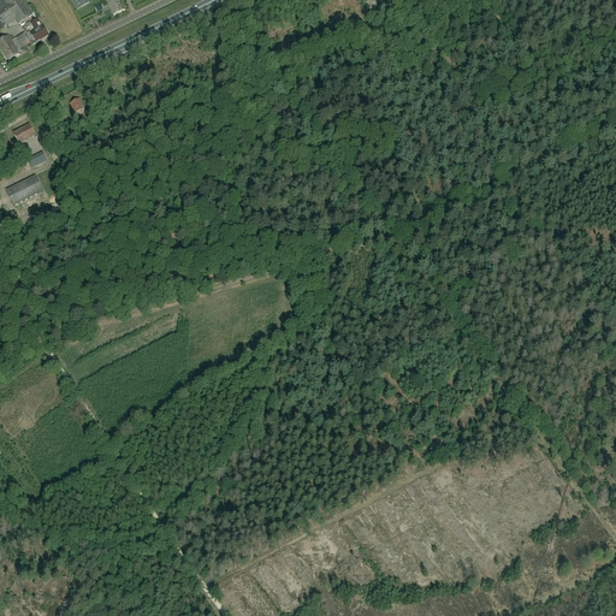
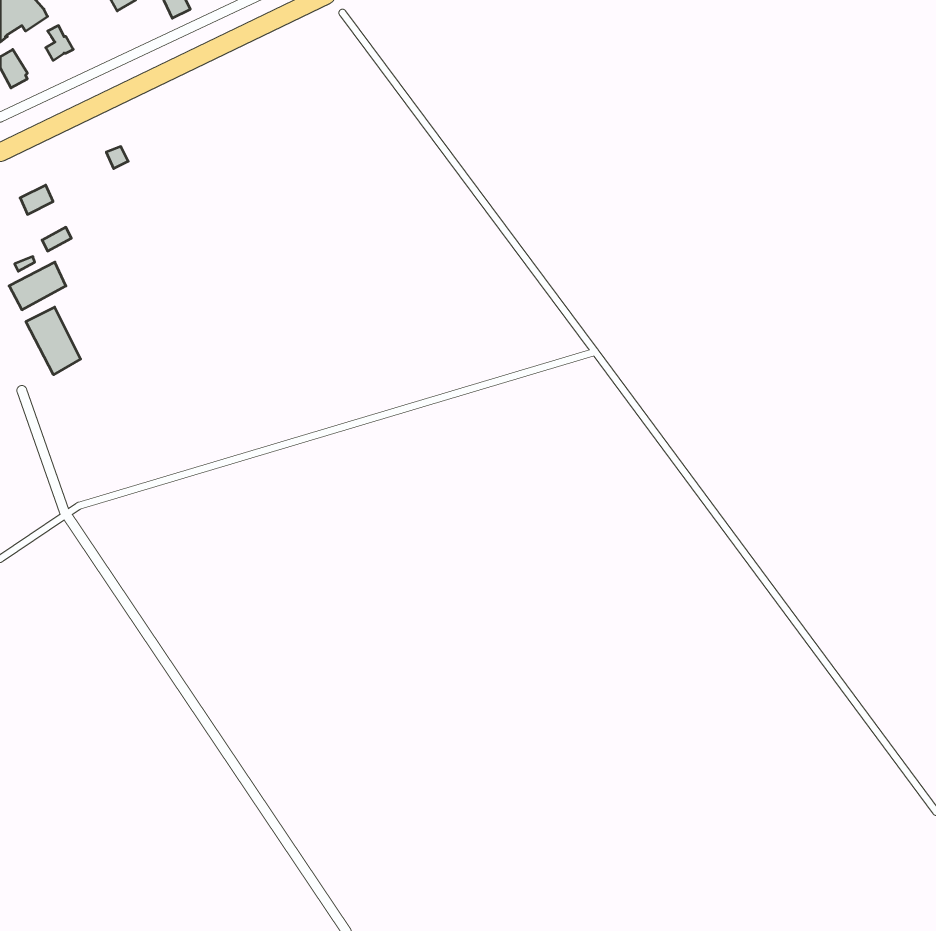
building: none -> [26,307,81,375]

